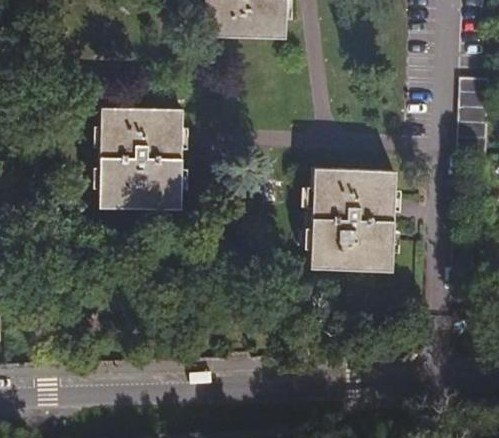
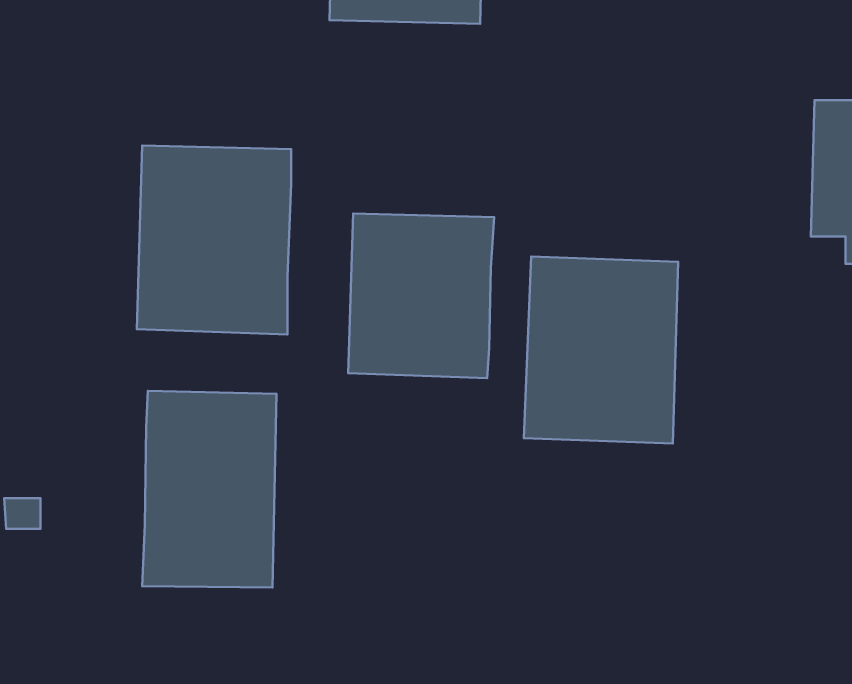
building: none -> [348,213,494,378]
building: none -> [142,391,276,588]

